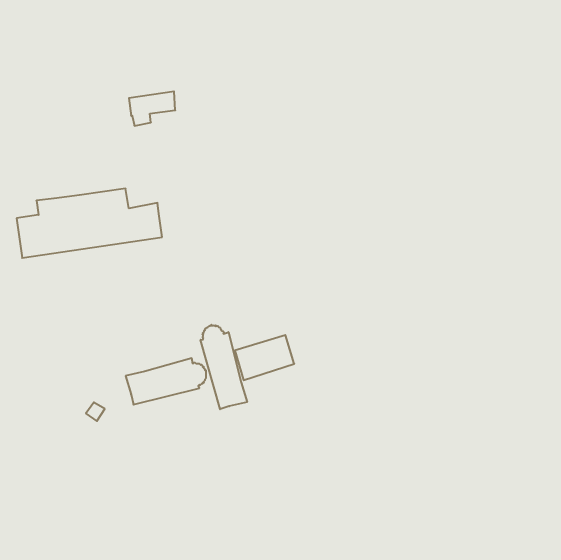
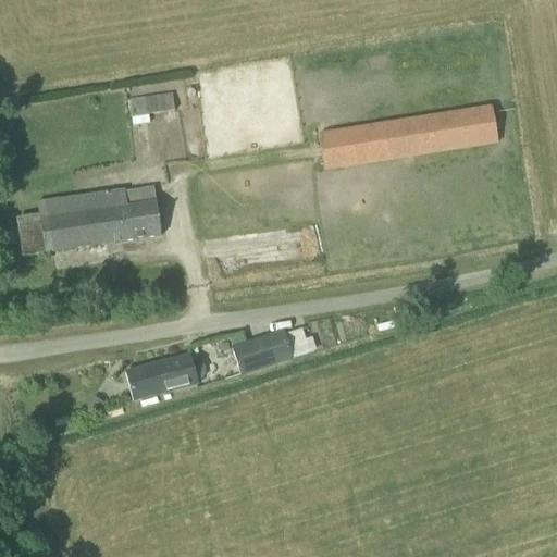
building: none -> [319,102,499,168]
building: [201,325,247,409] -> none

